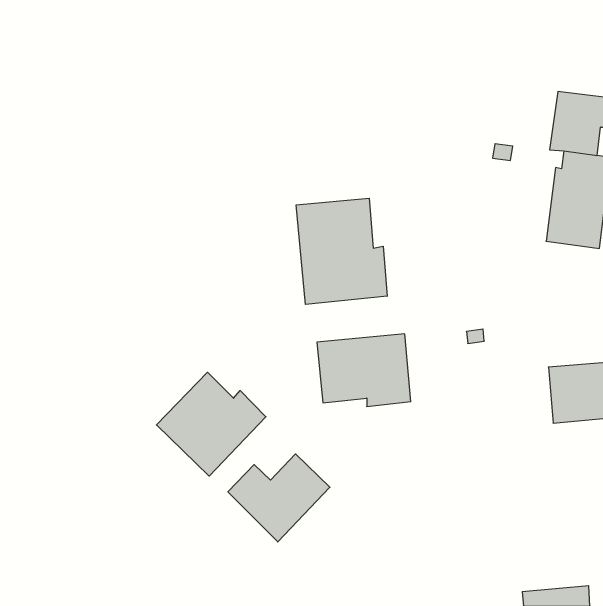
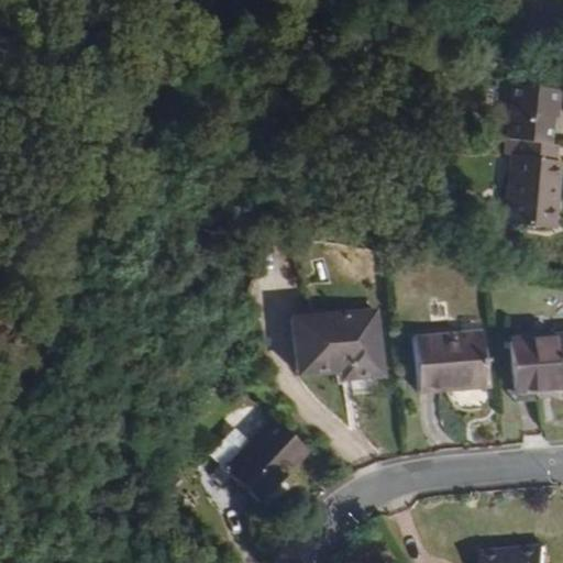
building: [296,198,387,304] -> none
building: none -> [416,332,488,393]
building: [156,372,266,476] -> none

